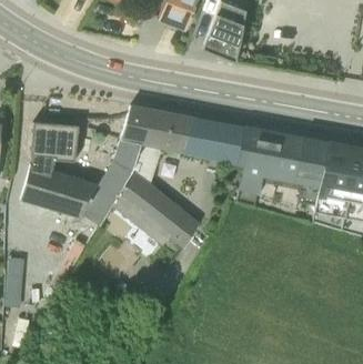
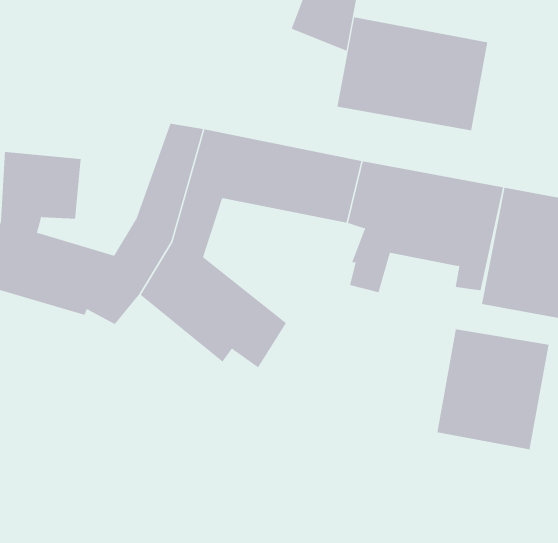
building: none -> [337,16,488,131]
building: none -> [437,329,549,450]

